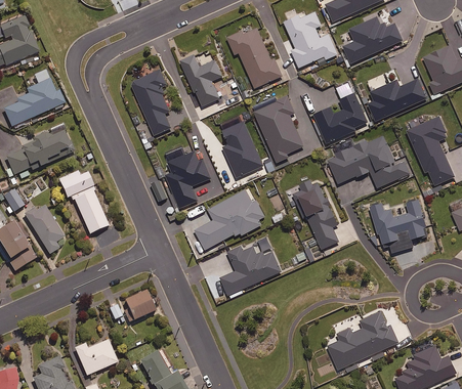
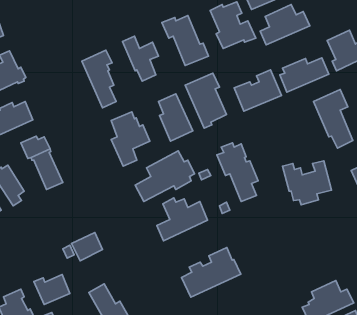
building: [327,136,412,189] -> none
building: [326,308,396,368] -> [181,247,241,297]

